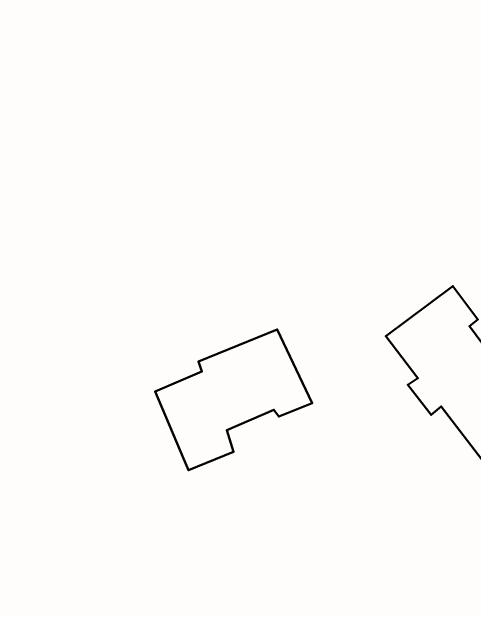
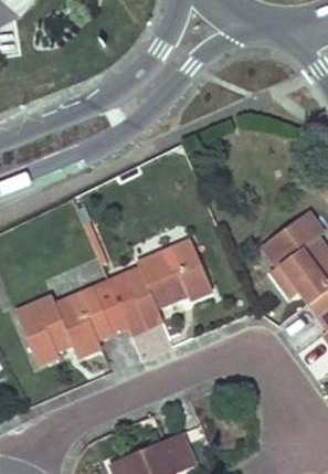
building: none -> [14,283,127,365]

